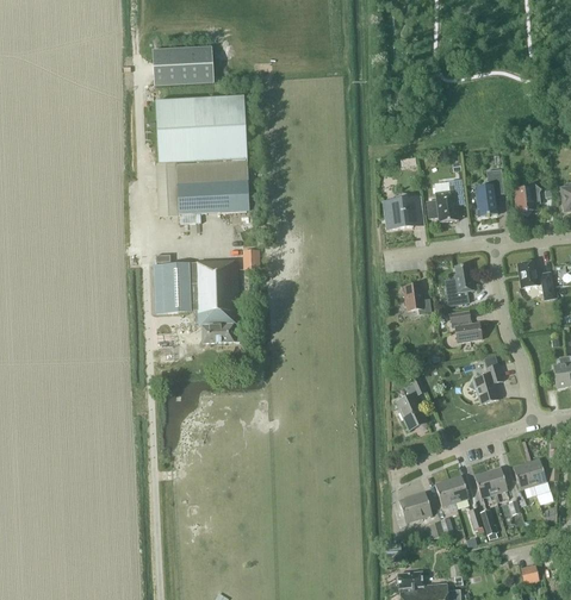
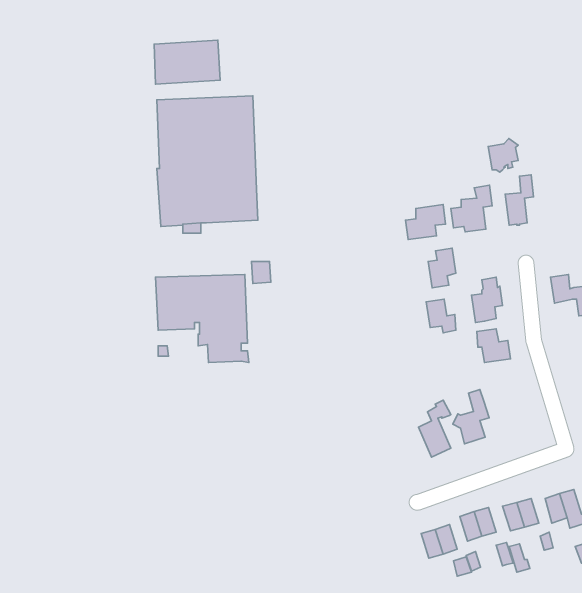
building: [513,182,540,213] -> [488,139,518,172]
building: none -> [428,248,456,288]
building: [468,354,502,404] -> [453,389,489,444]

